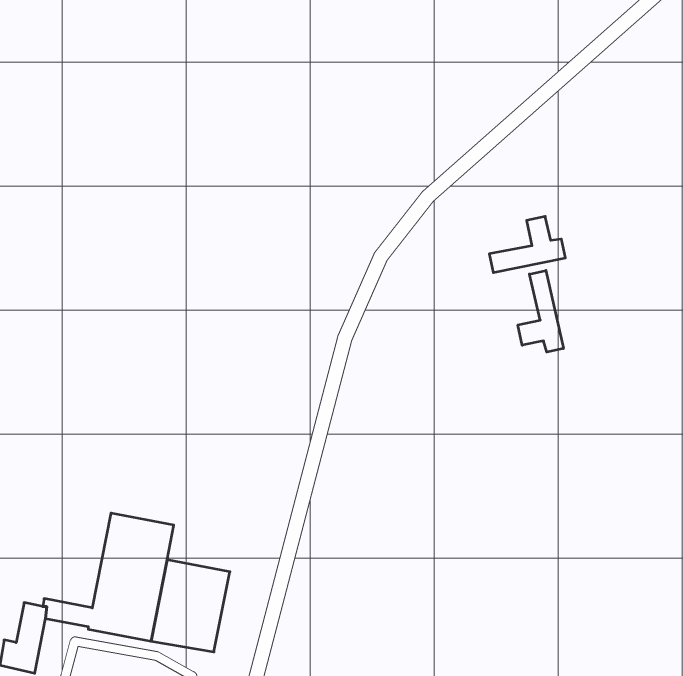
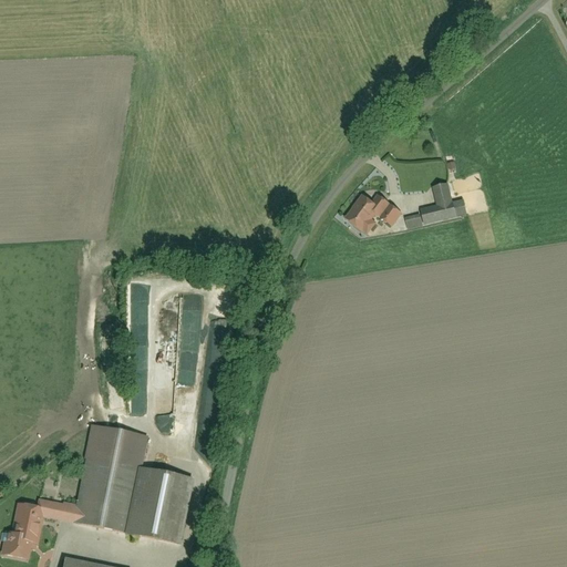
building: none -> [343,194,403,233]
building: [518,270,563,352] -> none

